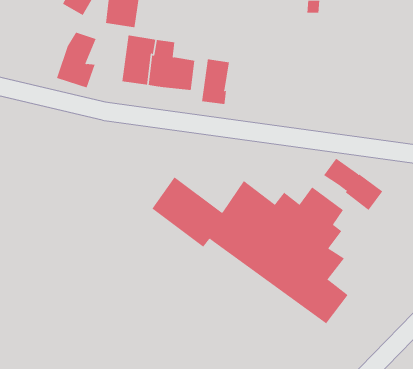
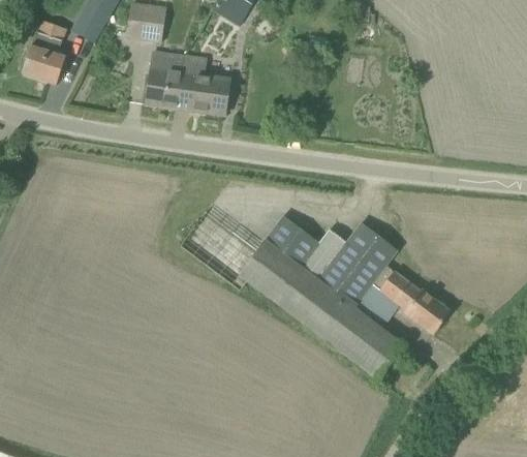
building: [56,32,96,88] -> [21,20,66,84]
building: [201,59,229,105] -> none
building: [323,158,383,211] -> [380,273,448,333]

